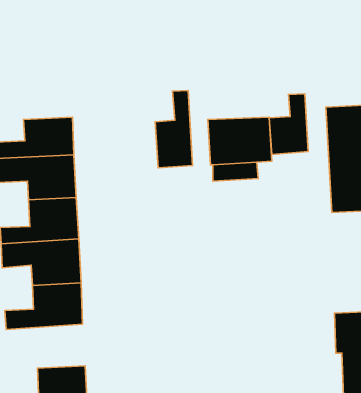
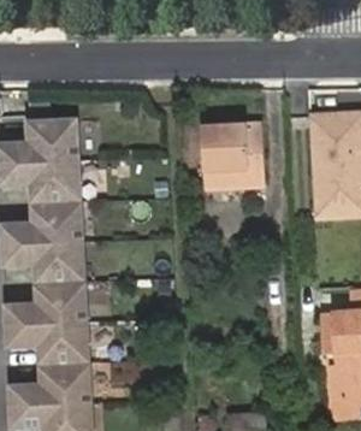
building: [155,90,192,168] -> none
building: [269,94,308,155] -> none
building: none -> [8,324,84,366]

